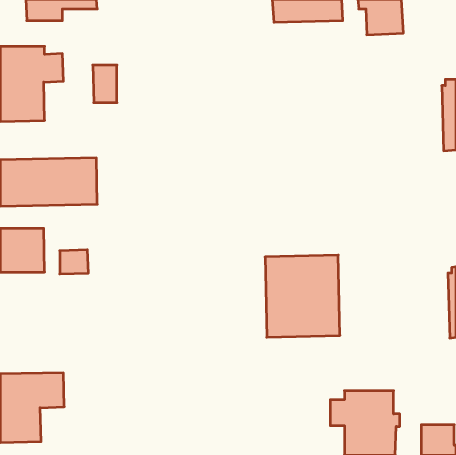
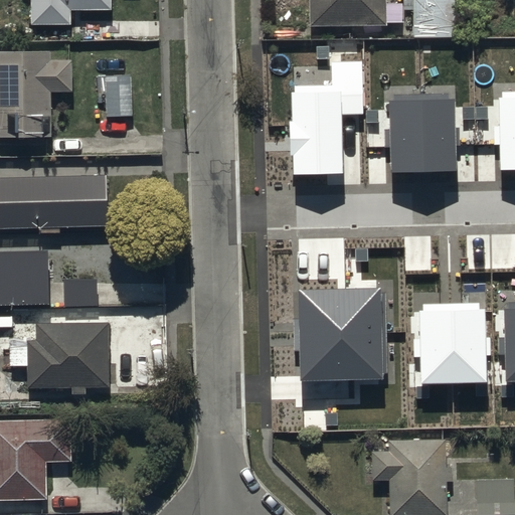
building: none -> [290,60,363,174]
building: none -> [389,92,458,173]
building: none -> [419,302,488,383]
building: none -> [8,322,107,388]

